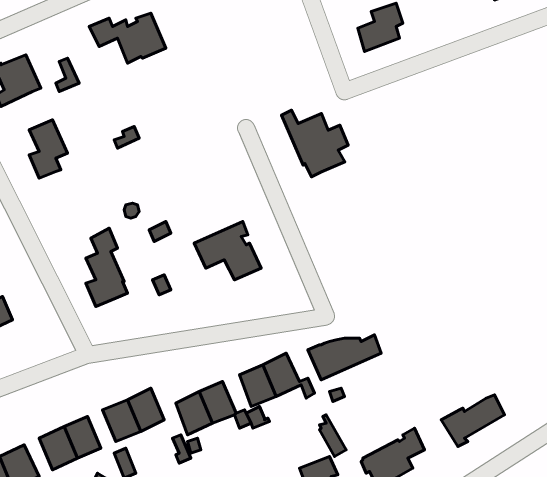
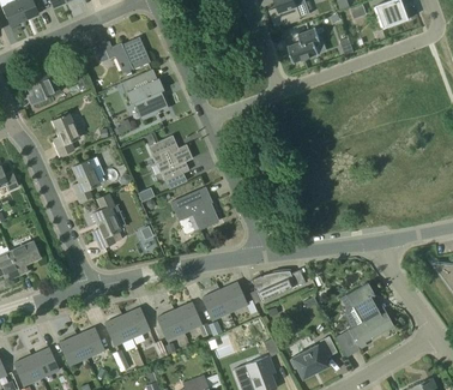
building: none -> [119,67,167,120]
building: [281,110,348,177] -> [144,133,192,181]
building: none -> [72,157,103,202]
building: none -> [345,282,380,324]

